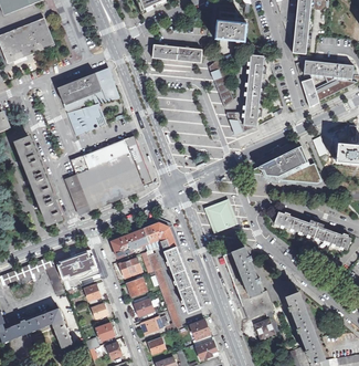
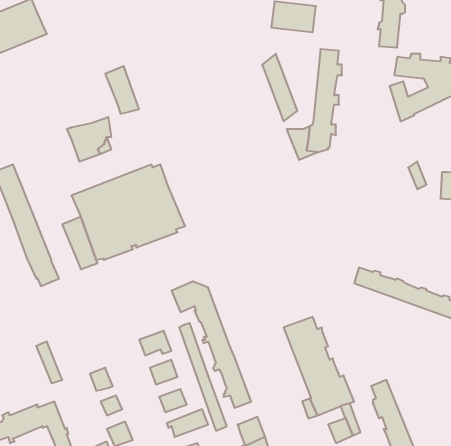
building: [151,42,202,63] -> none
building: [57,73,106,112] -> none
building: [250,146,321,184] -> none
building: [207,201,235,232] -> none
building: [110,229,148,259] -> none
building: [56,250,96,276] -> none

